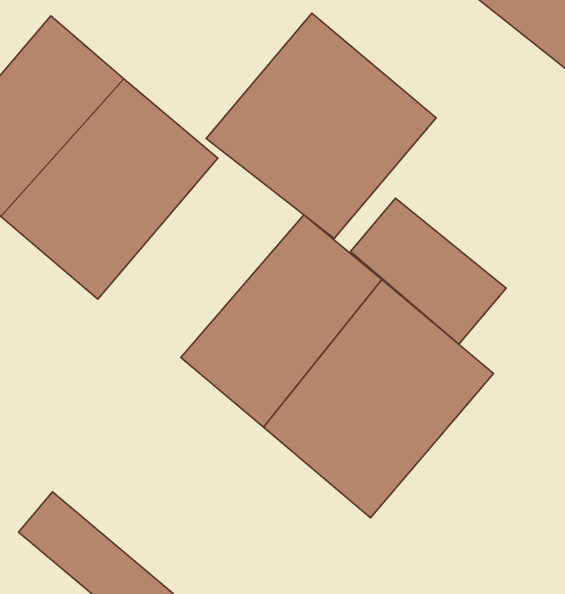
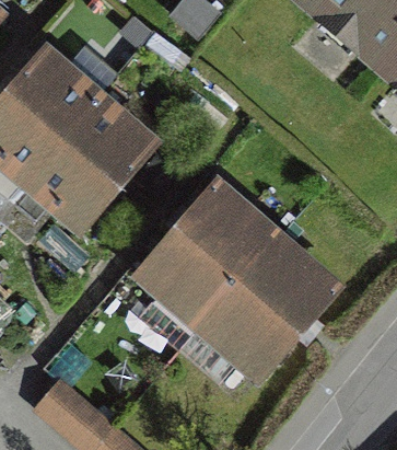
building: [206,13,436,238] -> none
building: [350,198,506,344] -> none

